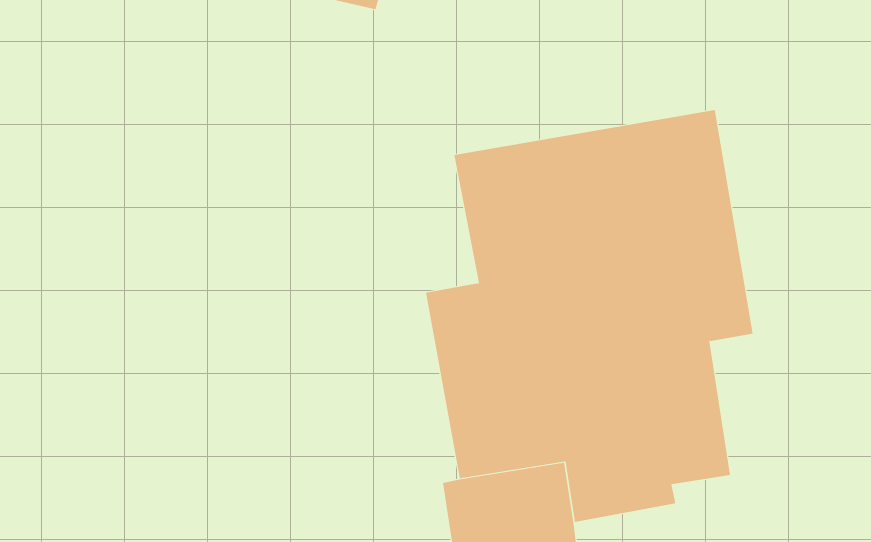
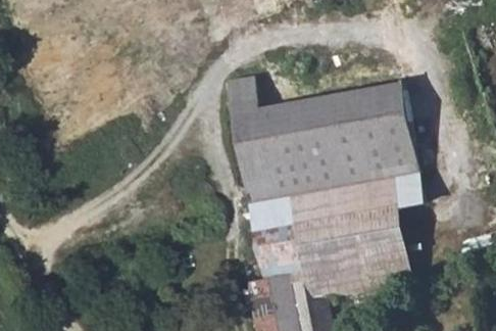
building: none -> [225,77,272,182]

